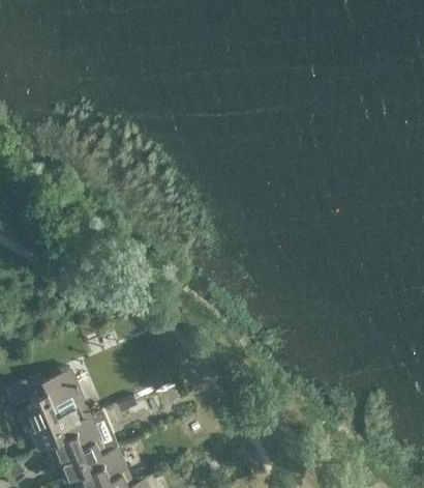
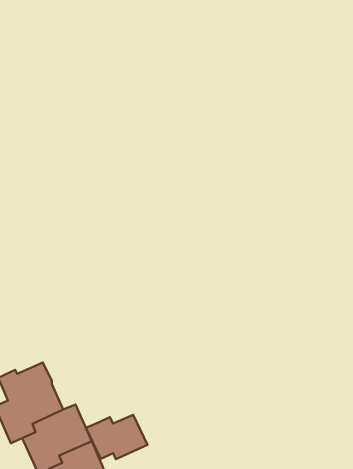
building: none -> [86,415,147,459]

